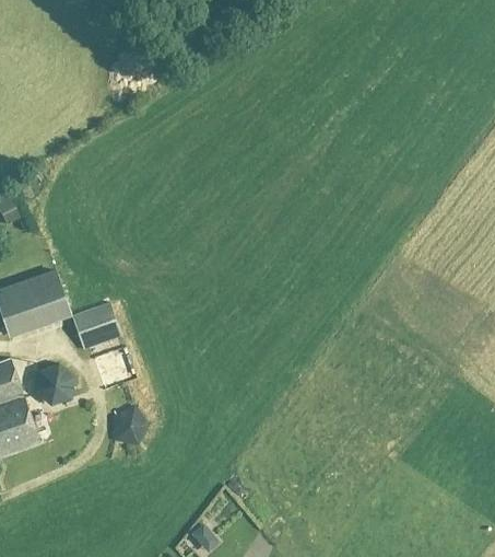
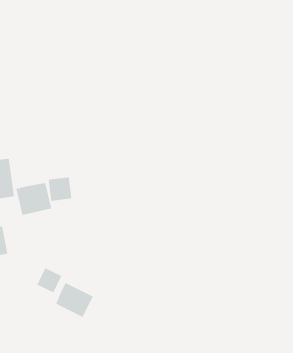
building: [94,349,129,384] -> [48,177,72,201]
building: none -> [55,282,93,318]

